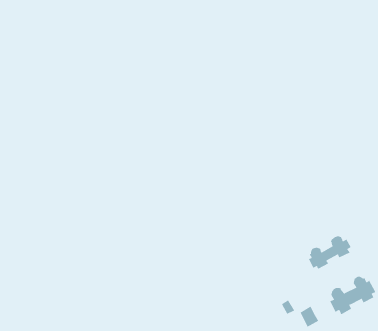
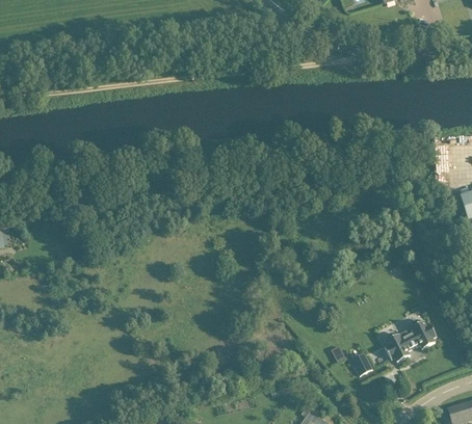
building: [308,236,352,270] -> none

